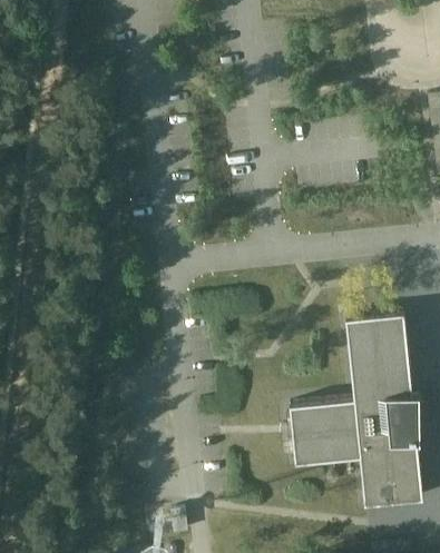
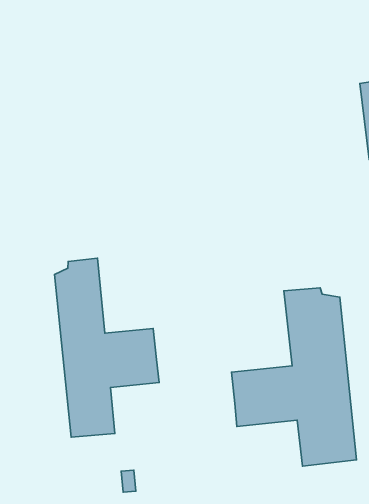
building: none -> [54,258,159,437]

